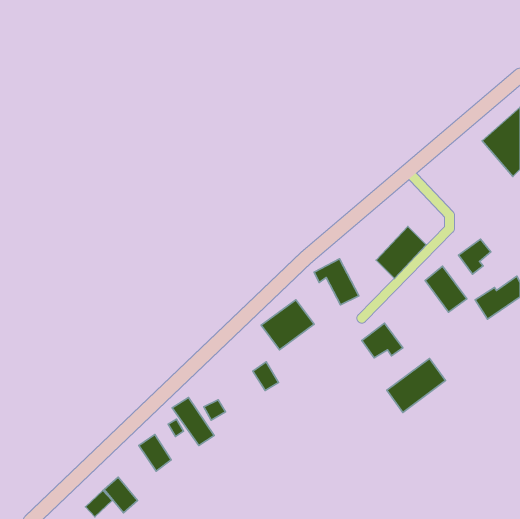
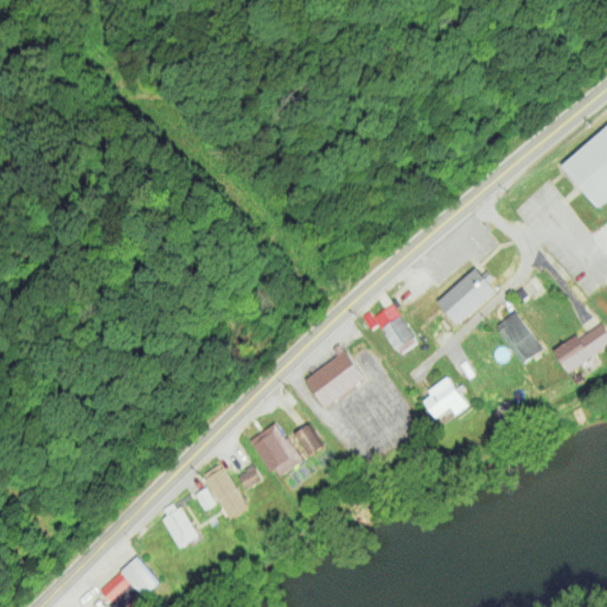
building: [458,239,491,274] -> none
building: [387,358,446,412] -> none
building: none -> [249,423,302,480]

